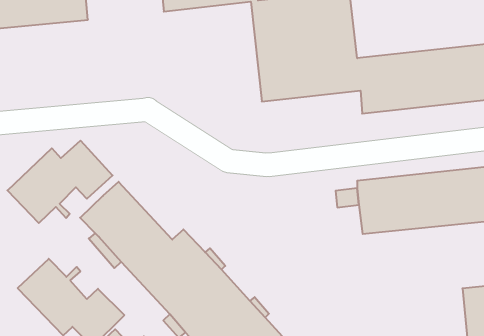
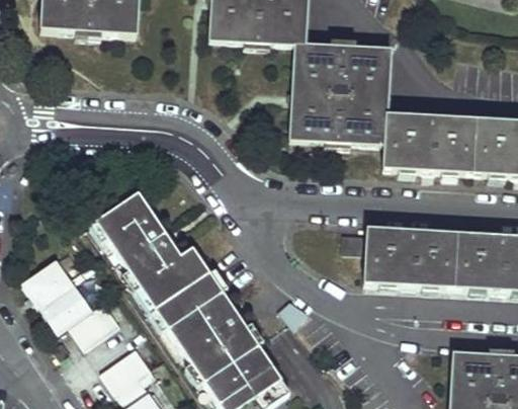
building: [7,141,113,223] -> none

